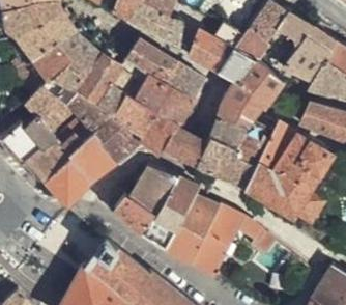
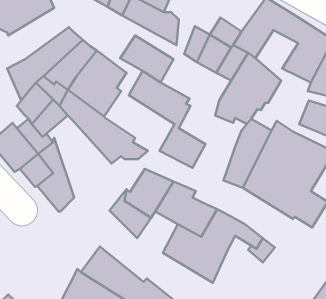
building: [17,9,76,59] -> none
building: [165,59,205,98] -> none
building: [110,90,178,154] -> none
building: [196,114,249,177] -> none
building: [61,118,117,194] -> none
building: [142,207,181,248] -> none

